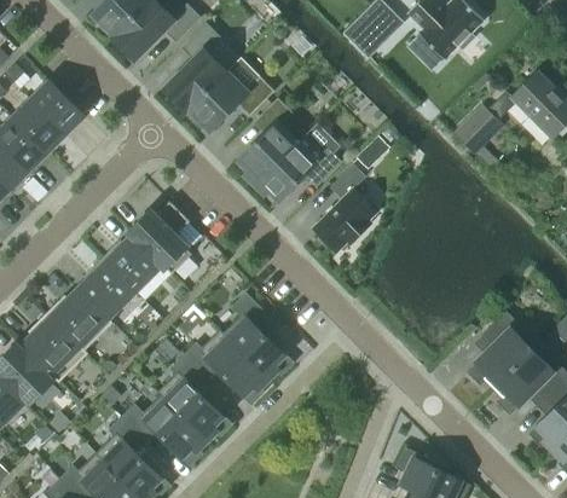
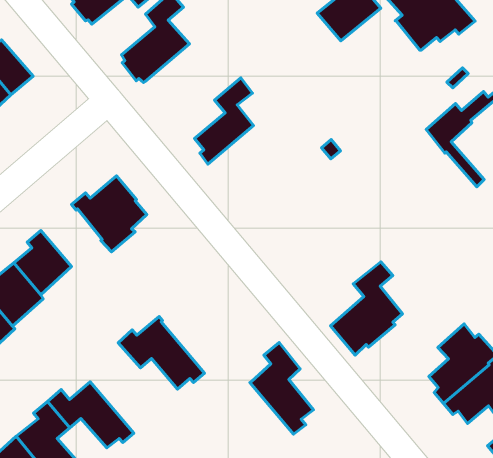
building: [187,73,272,133] -> none
building: [253,134,339,201] -> none
building: [311,166,377,255] -> [330,262,402,355]
building: [102,236,169,290] -> none
building: [221,295,283,380] -> [250,342,314,434]
building: [156,358,221,441] -> none

